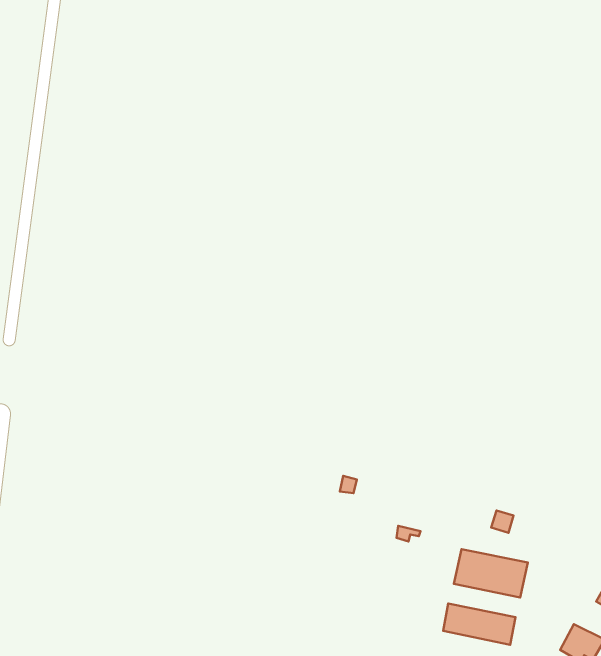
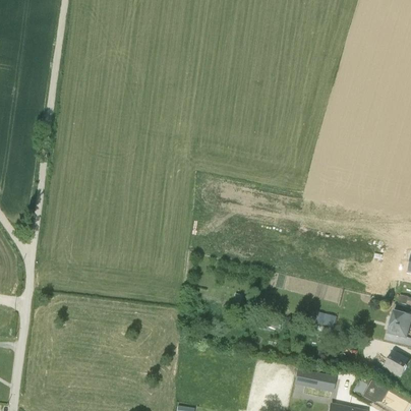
building: [454,549,528,598] -> none

